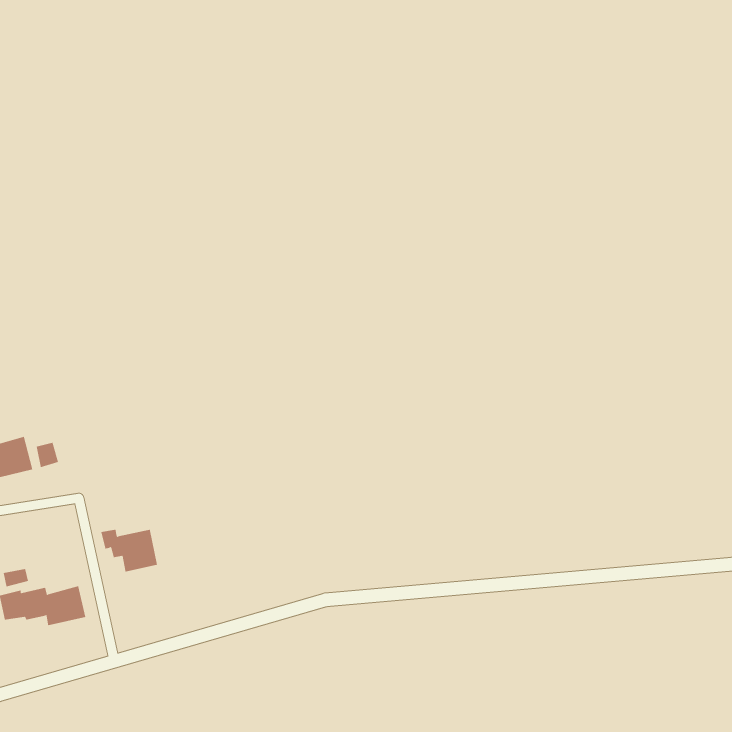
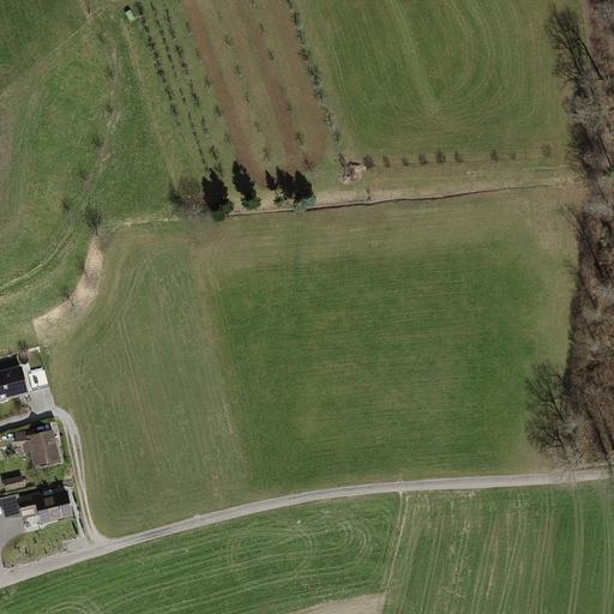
building: [100,529,158,572] -> [12,431,60,466]

